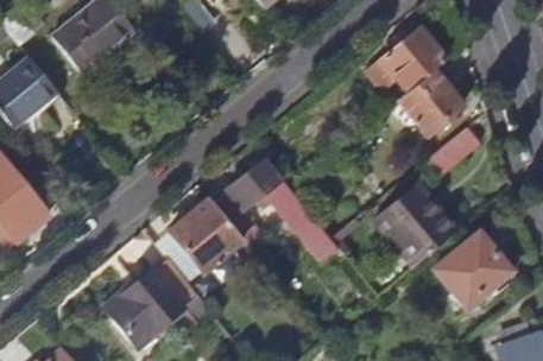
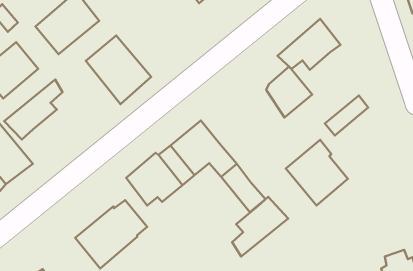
building: none -> [86,36,151,104]
building: [403,69,462,134] -> [266,67,312,117]
building: none -> [4,79,63,140]
building: [434,229,513,308] -> none
building: none -> [232,197,288,257]

